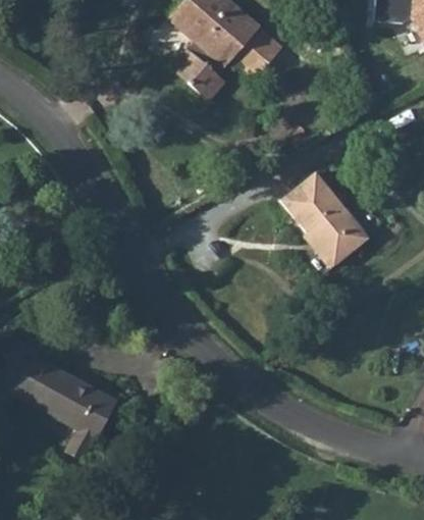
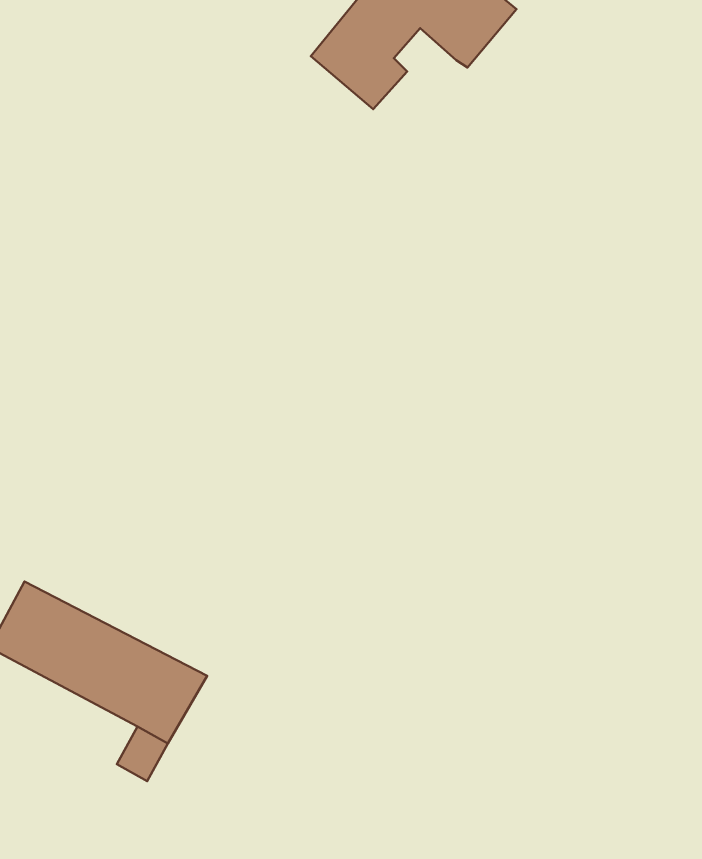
building: [279,172,368,268] -> none

